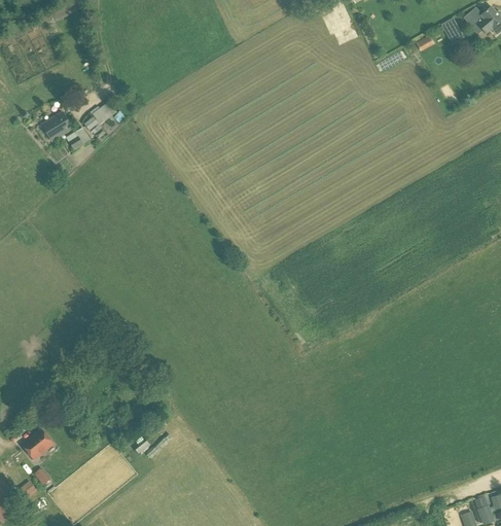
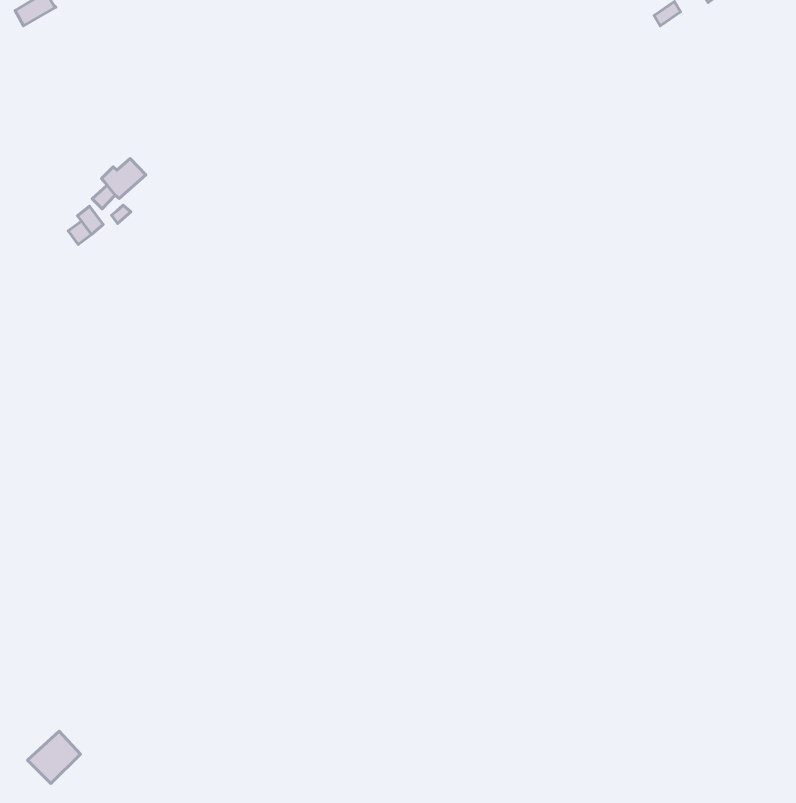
building: [41,111,71,140] -> none

